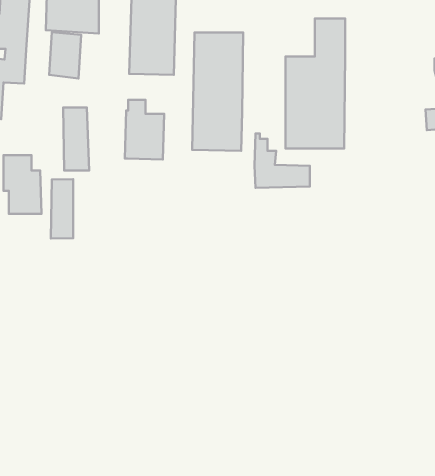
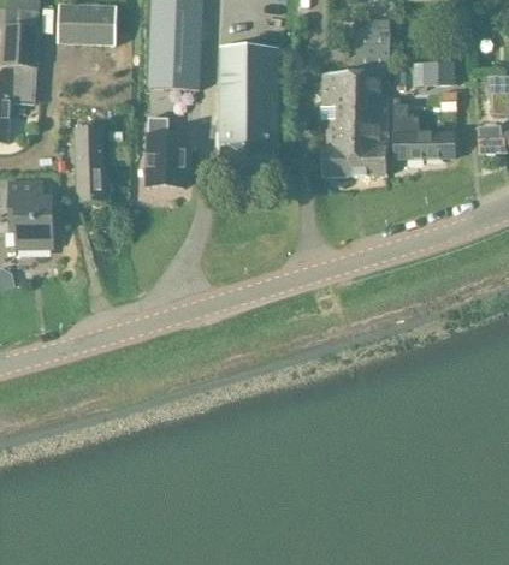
building: [49,32,81,78] -> none
building: none -> [412,60,454,83]
building: [254,133,310,188] -> [392,96,454,156]
building: [51,179,73,239] -> none

